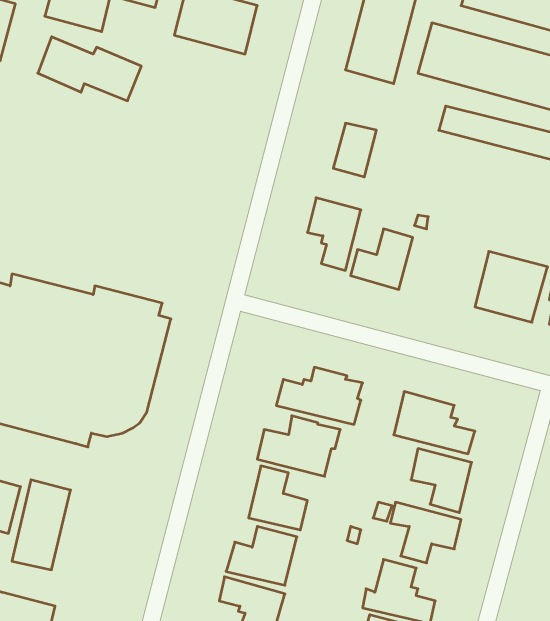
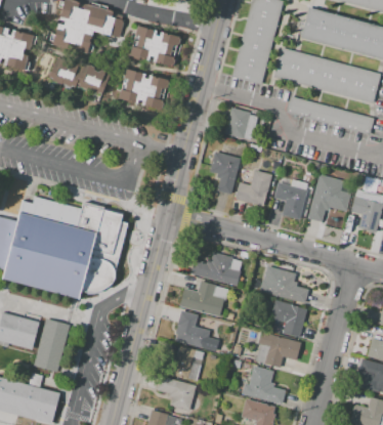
building: none -> [120,71,169,110]
building: none -> [274,182,307,219]

